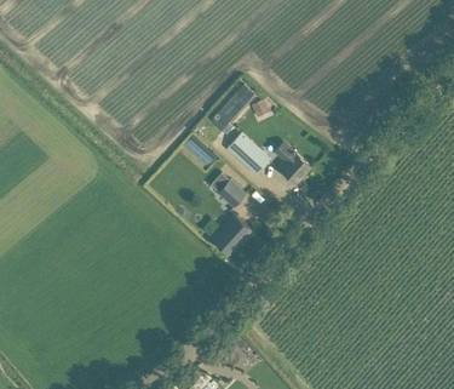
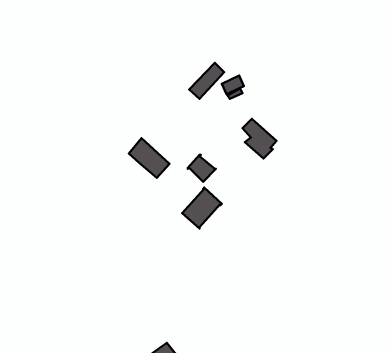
building: [226,132,269,173] -> [129,138,169,178]

